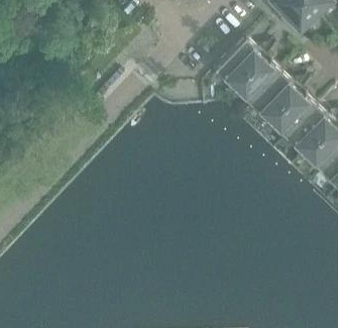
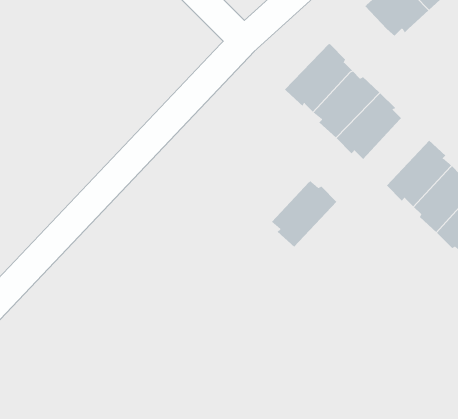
building: [269,91,316,138] -> [271,180,337,248]

